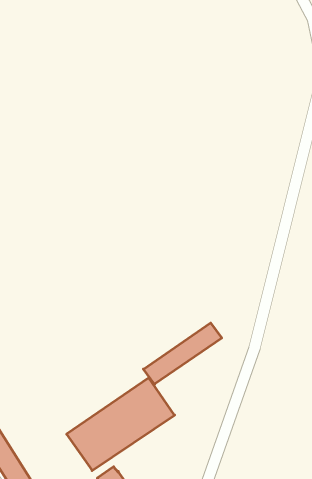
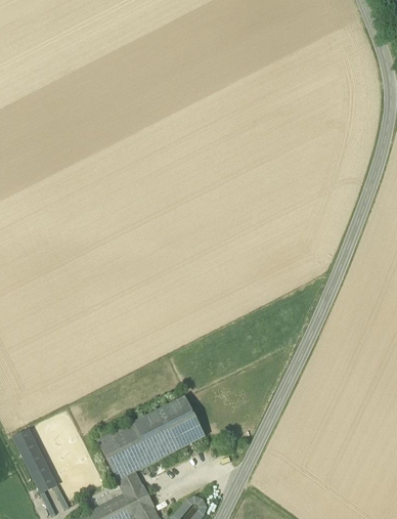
building: [143,323,222,384] -> none

